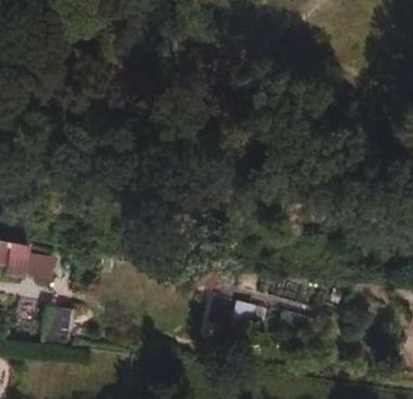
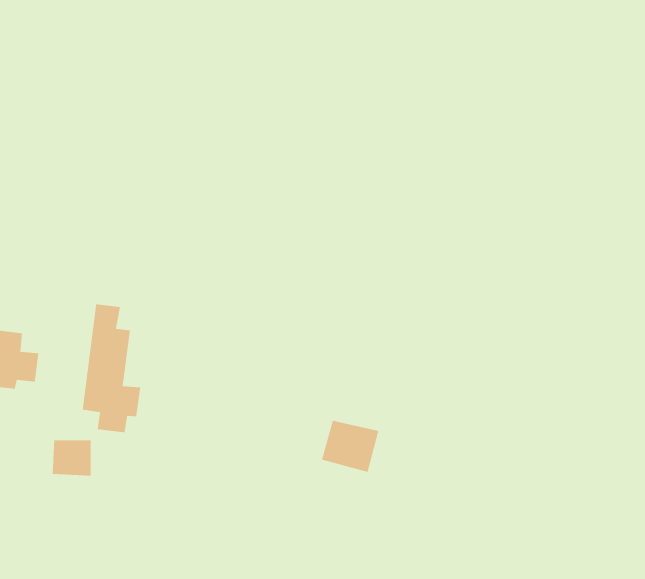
building: none -> [82,304,141,433]

